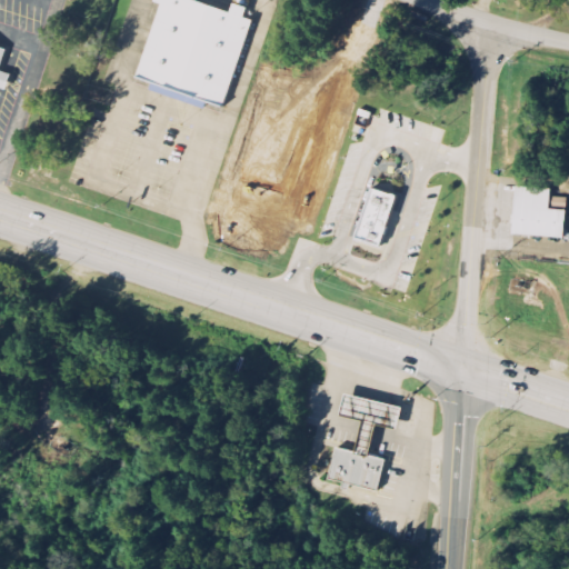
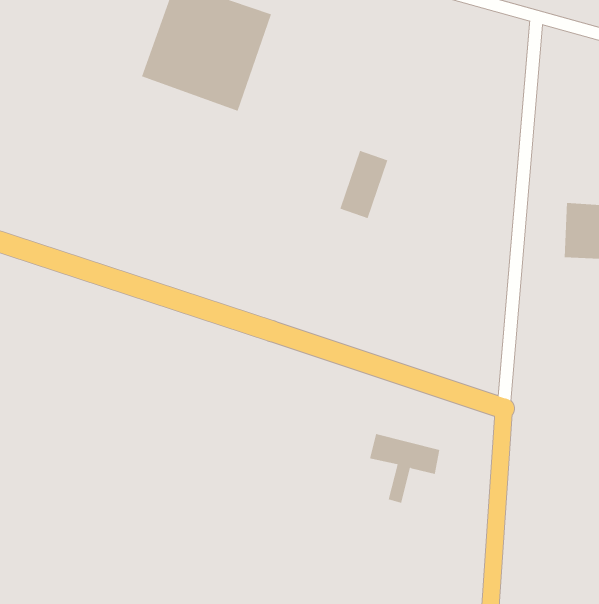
building: [353,188,397,249] -> [340,150,388,219]
building: [326,447,385,490] -> none

